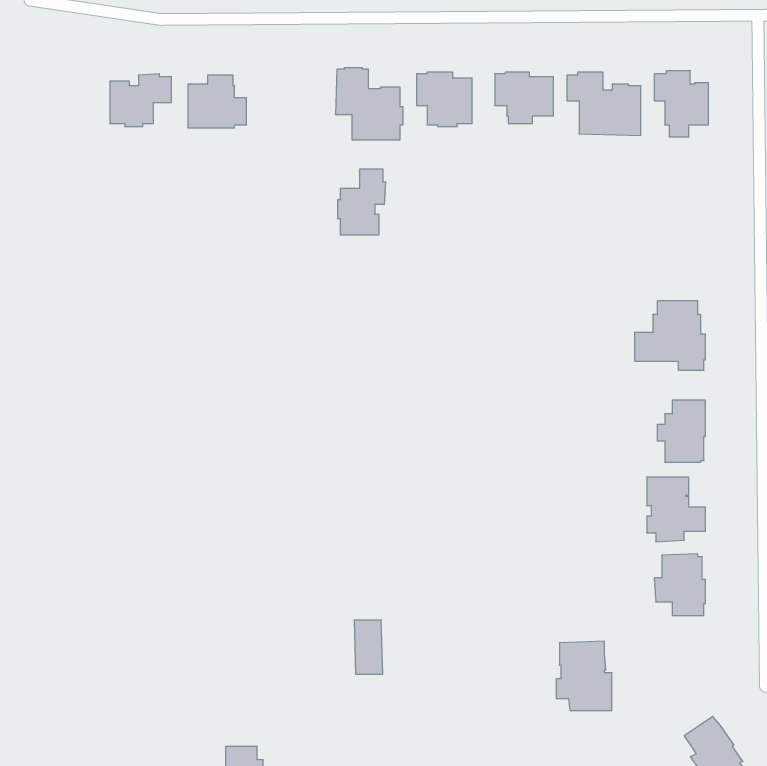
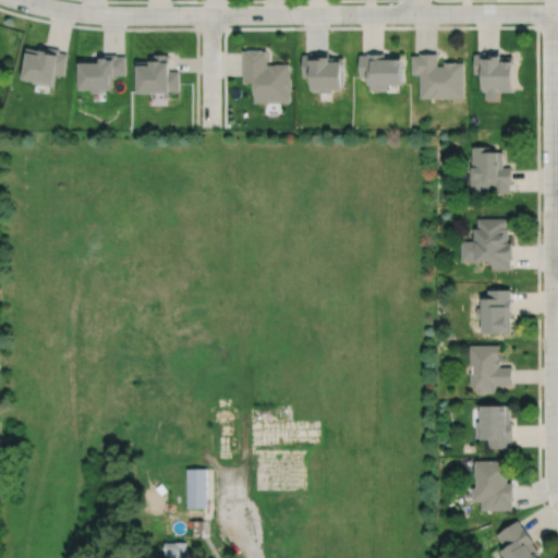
building: none -> [21,48,66,88]
building: [338,169,386,235] -> none
building: none -> [470,148,511,195]
building: [354,620,383,674] -> [186,469,207,508]
building: [556,641,612,710] -> [471,460,511,510]

